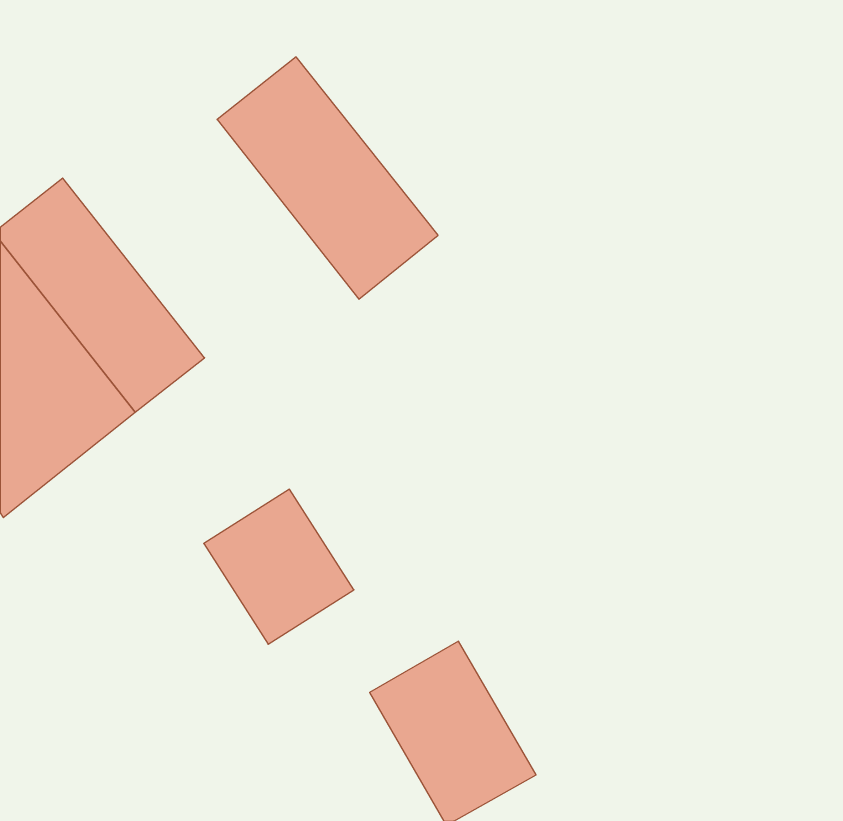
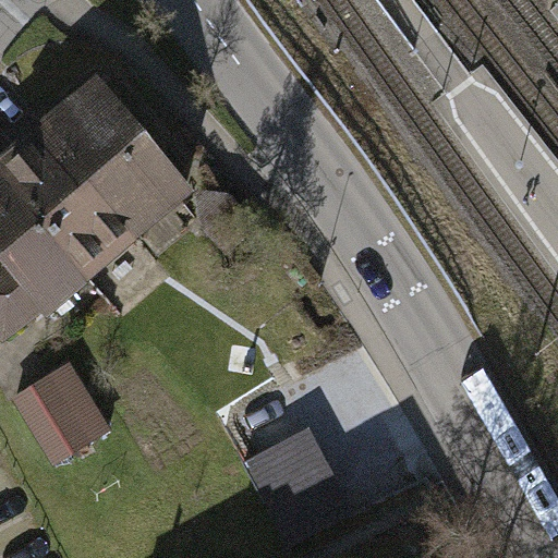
building: [217,57,438,299] -> [41,76,187,236]
building: [204,489,354,644] -> [11,362,110,464]

